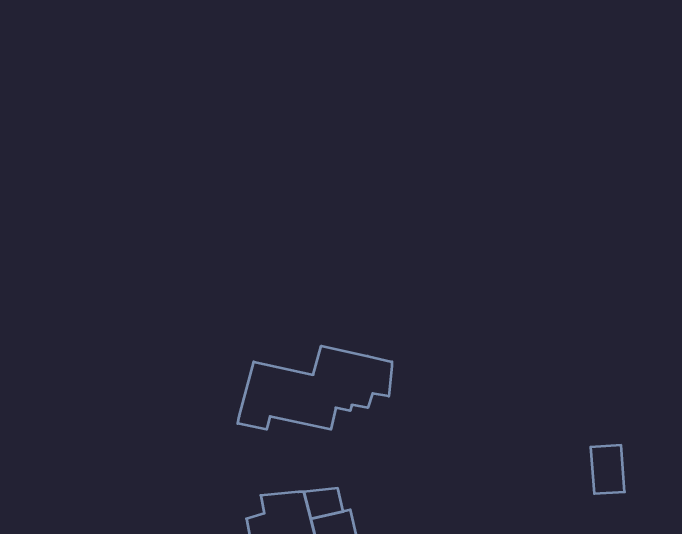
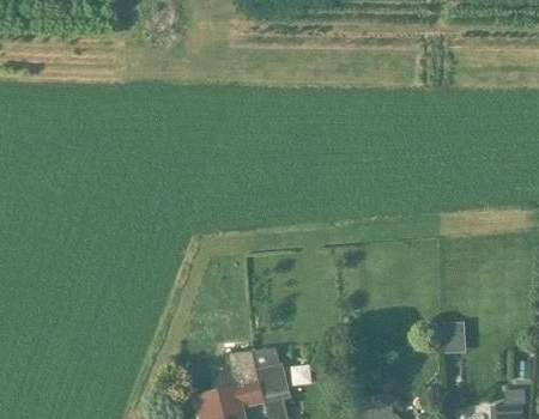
building: [238,346,392,429] -> none

